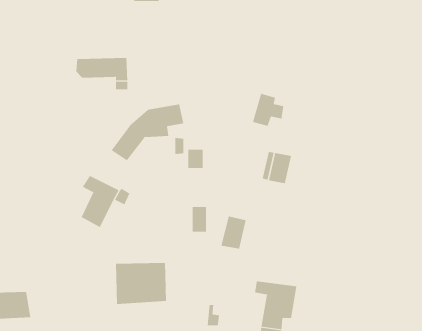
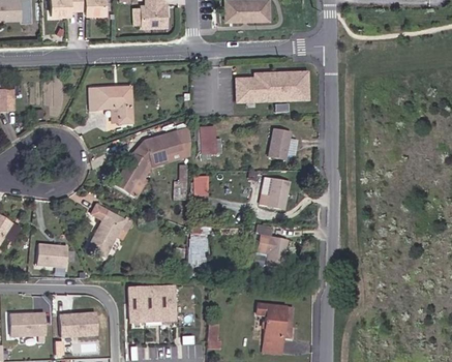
building: none -> [232,69,304,101]
building: none -> [201,124,218,152]
building: [221,216,246,249] -> [263,234,288,266]
building: none -> [32,241,64,266]
building: none -> [54,311,93,337]

